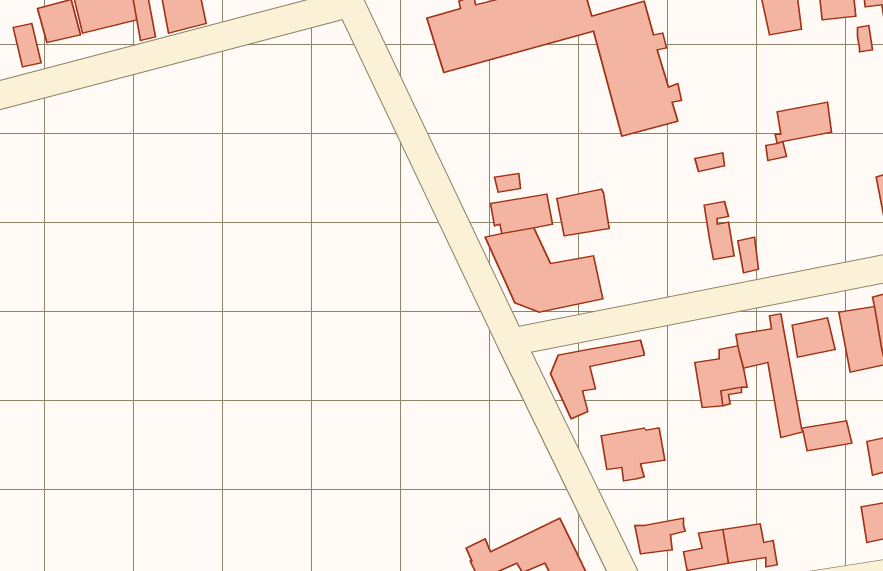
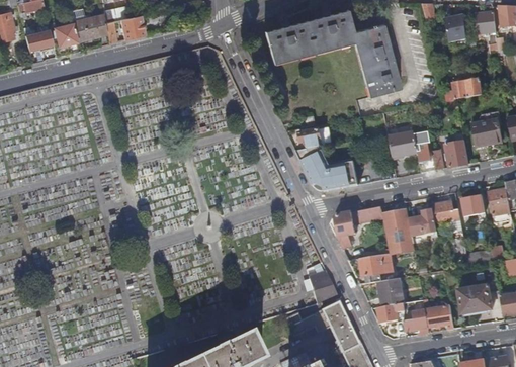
building: none -> [472,117,503,146]
building: [557,189,609,236] -> [390,130,418,156]
building: none -> [445,128,470,166]
building: none -> [382,207,415,253]
building: none -> [310,271,338,302]
building: none -> [378,277,404,305]
building: none -> [457,283,493,313]

